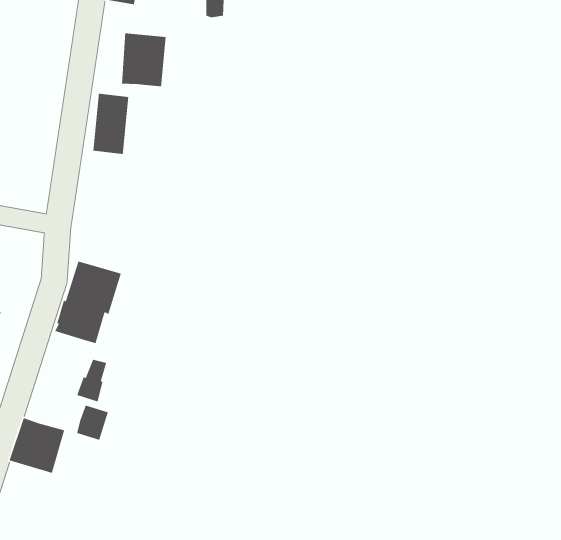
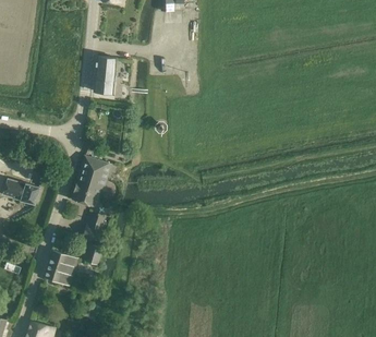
building: [121,33,167,87] -> none

